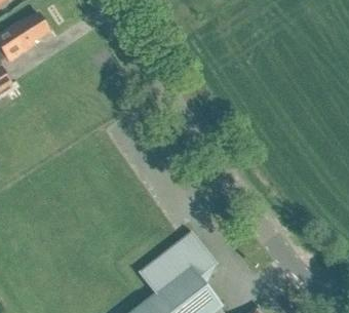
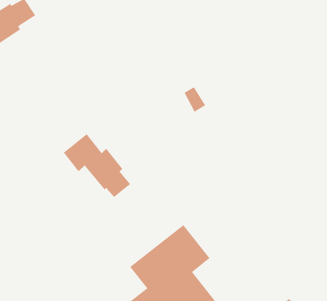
building: none -> [63,133,131,198]

